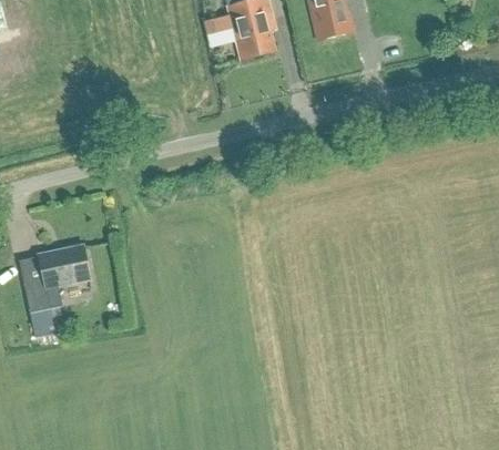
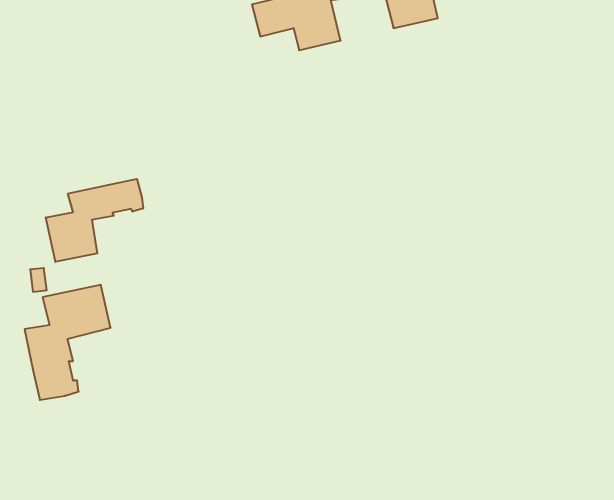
building: none -> [46,179,143,262]

